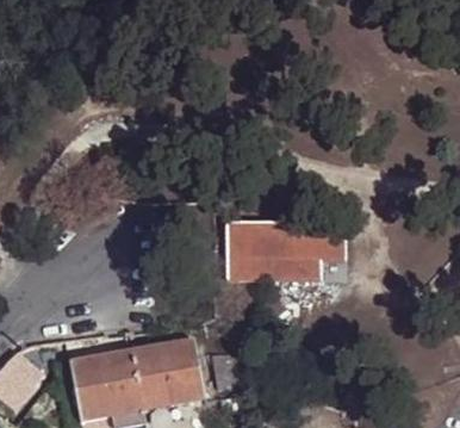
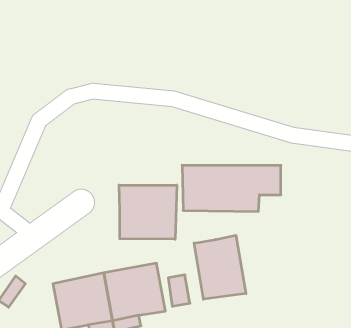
building: none -> [119,185,177,239]
building: none -> [194,235,246,299]

